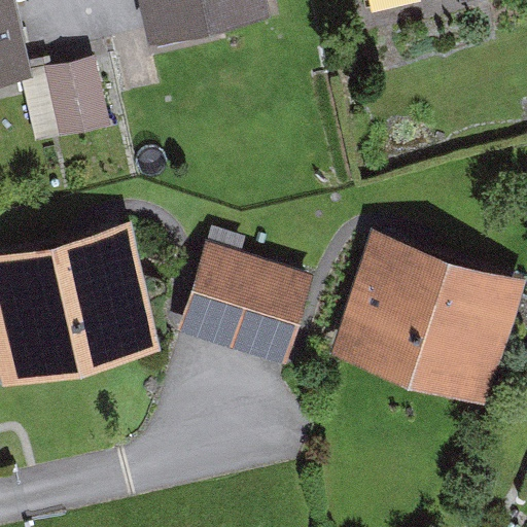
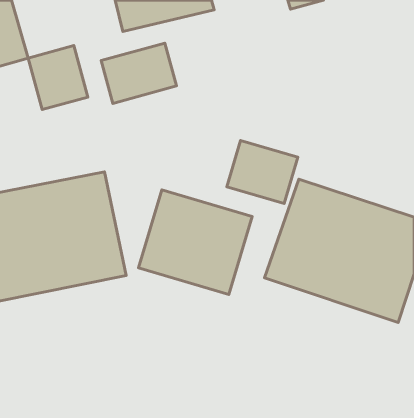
building: none -> [101,43,177,103]
building: none -> [227,140,298,204]

